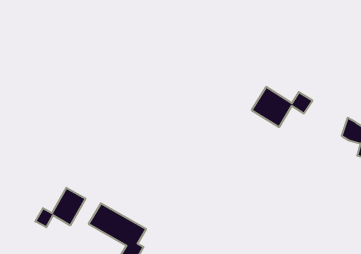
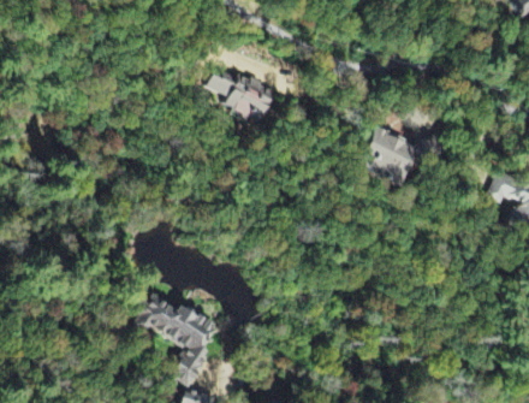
building: none -> [207,66,277,120]
building: [35,188,85,227] -> none

